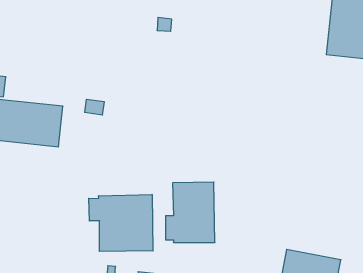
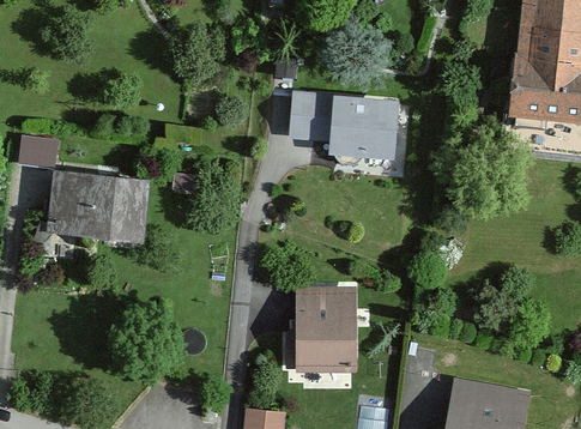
building: none -> [291,93,397,155]
building: [89,194,153,251] -> none

